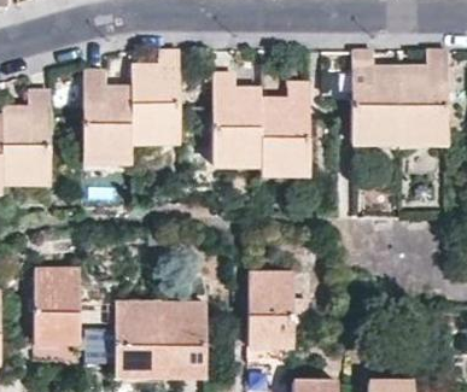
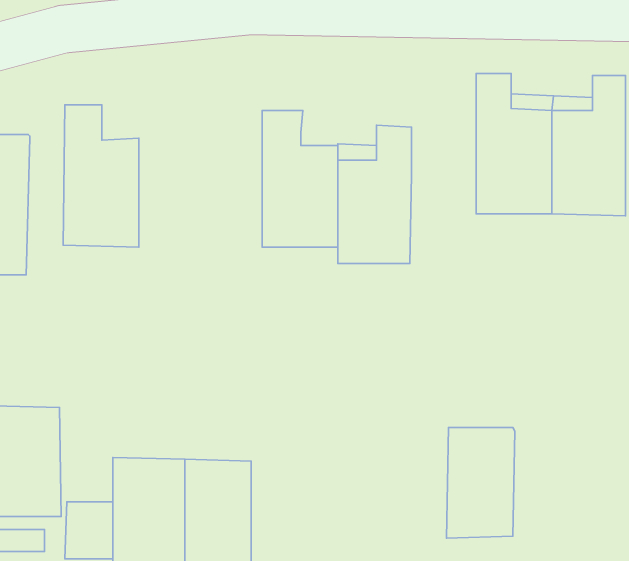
building: [132,51,181,140] -> none
building: [249,274,293,346] -> [447,427,515,538]

